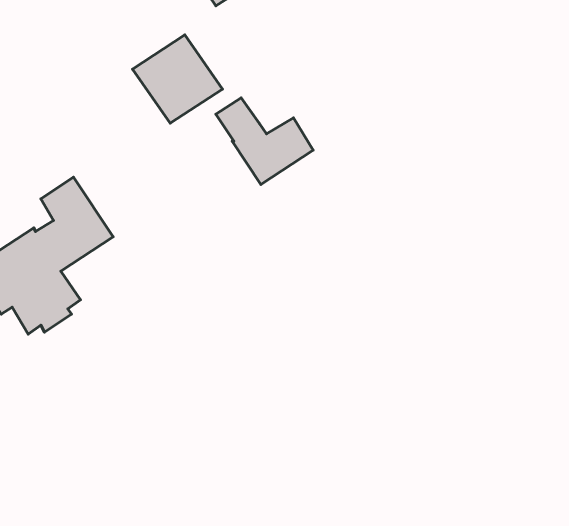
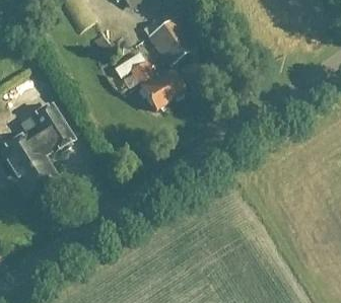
building: [132,35,223,123] -> [147,13,198,63]

